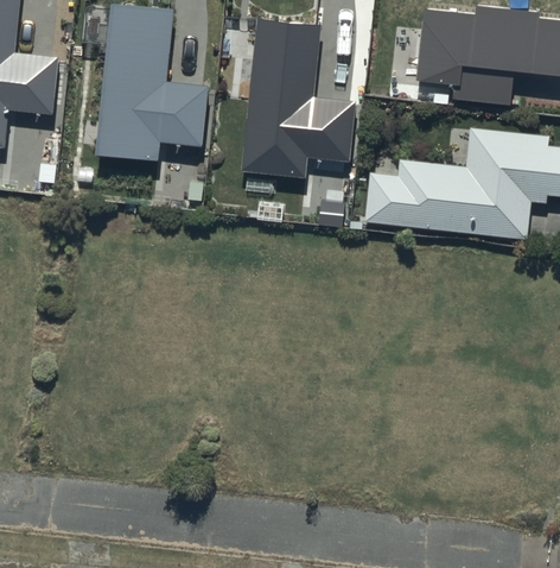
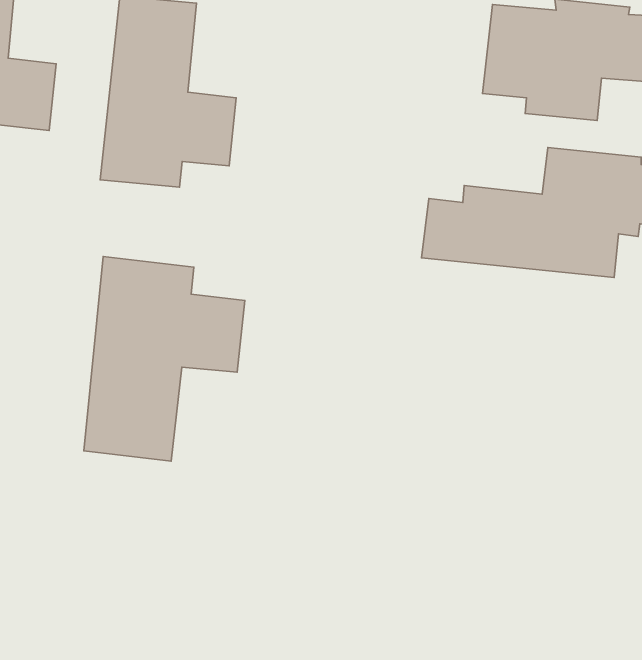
building: [240,18,355,179] -> none
building: none -> [84,257,245,461]

